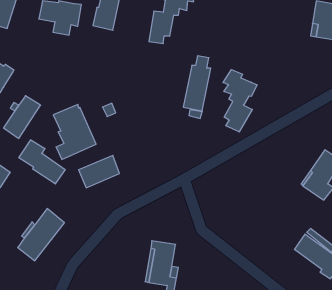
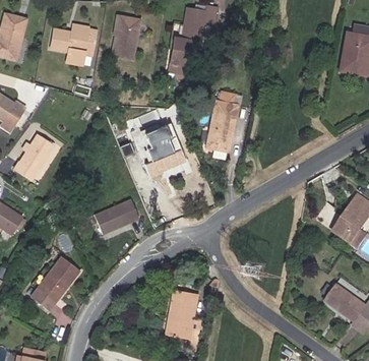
building: [223,70,257,132] -> none
building: [53,104,96,159] -> [139,119,185,178]
building: [19,140,65,184] -> none

